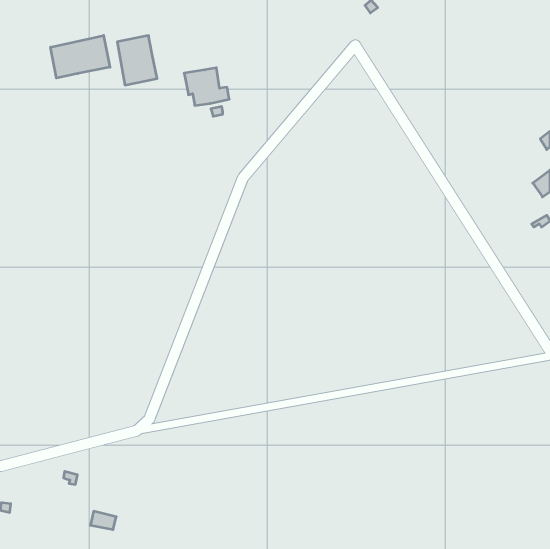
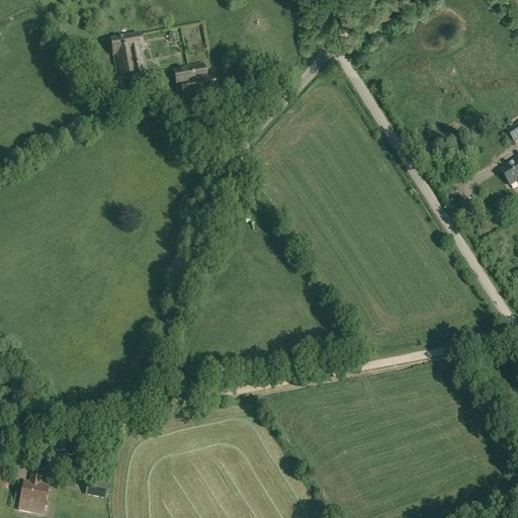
building: [51,35,110,78] -> none
building: none -> [19,474,49,509]

